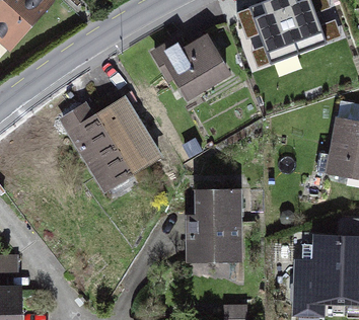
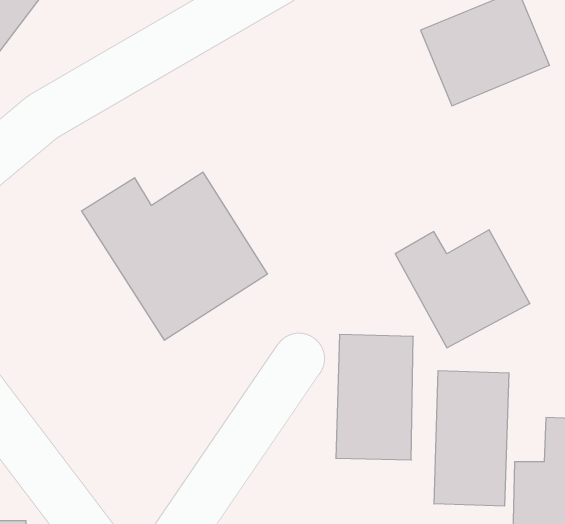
building: [162,35,236,100] -> [395,230,530,348]
building: none -> [434,371,509,506]

